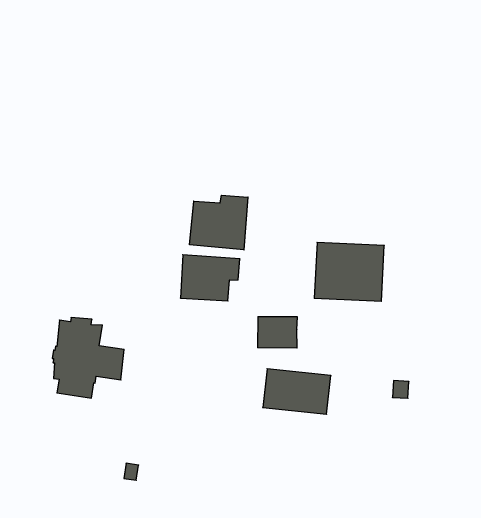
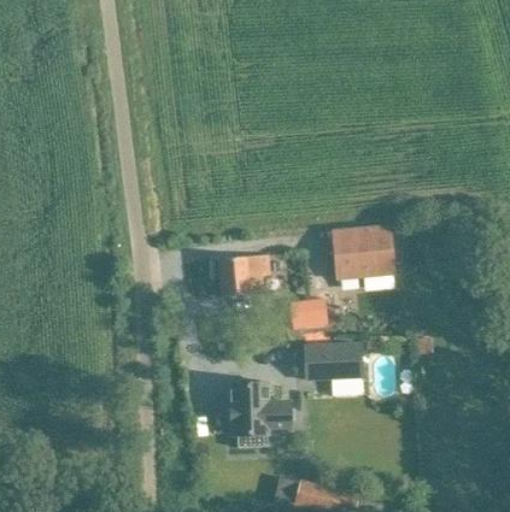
building: [190,195,248,250] -> none
building: [52,318,124,398] -> [229,379,291,447]

